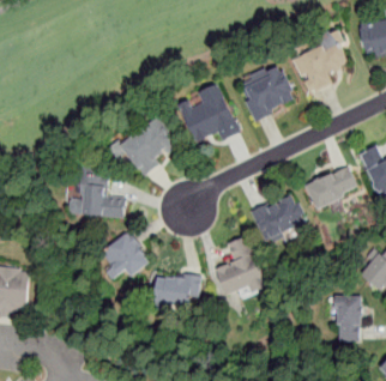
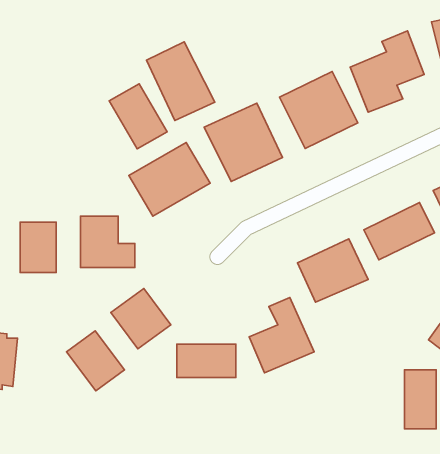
building: none -> [146,42,215,120]
building: none -> [109,84,167,149]
building: none -> [20,222,56,273]
building: none -> [67,331,124,391]

